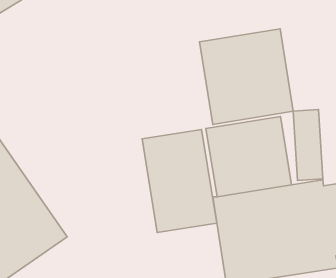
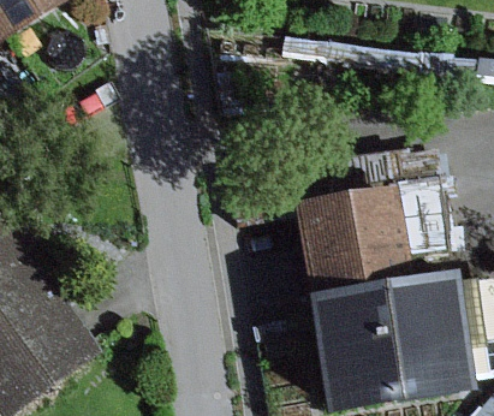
building: [199,29,293,124] -> none
building: [142,129,217,233] -> none

